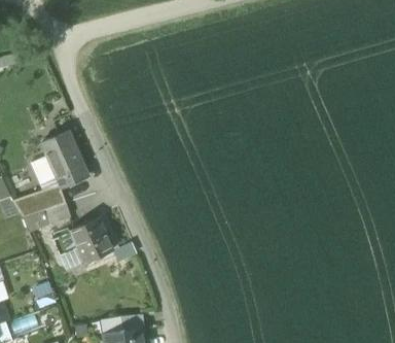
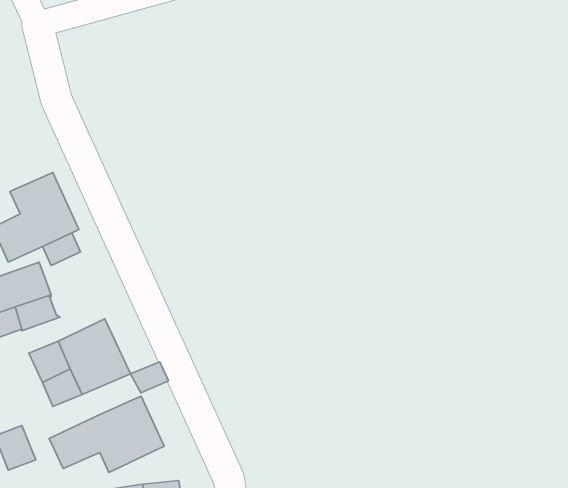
building: none -> [49,396,164,473]

